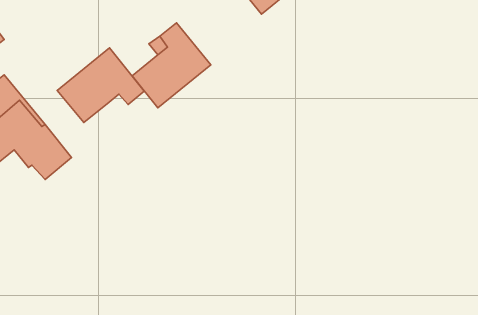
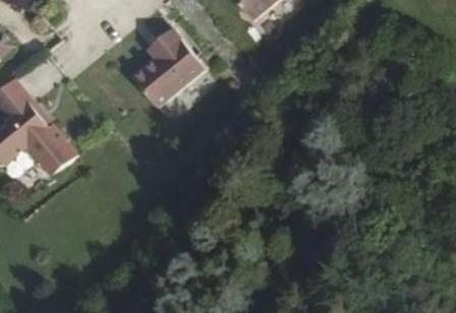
building: [57,48,144,123] -> none

